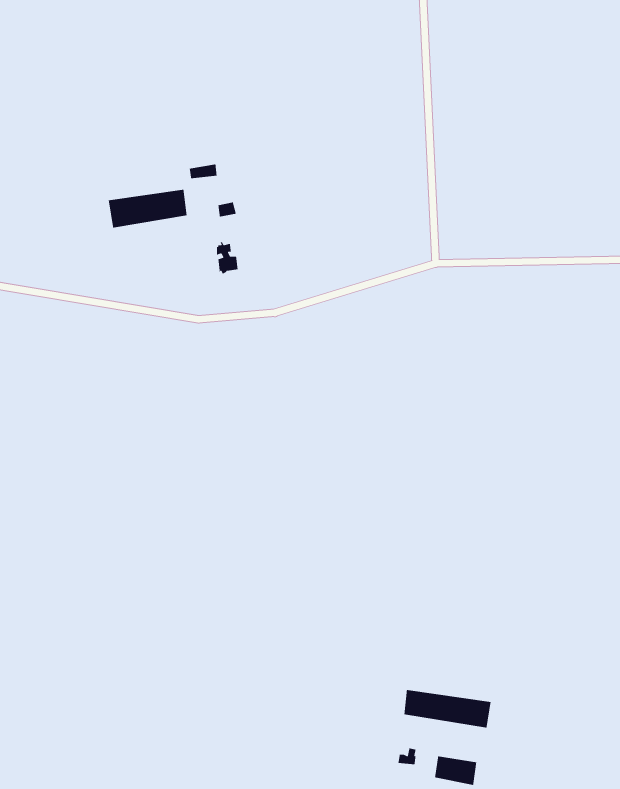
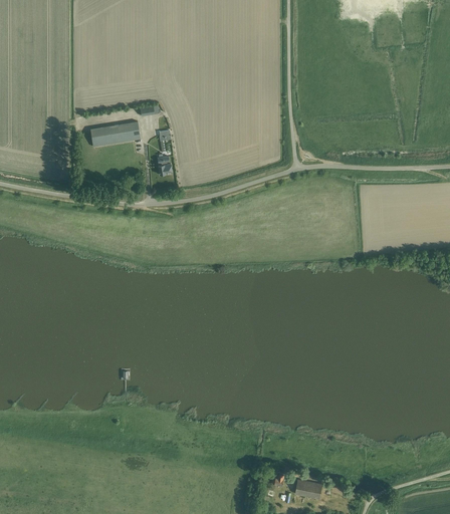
building: [404,689,491,728] -> none

